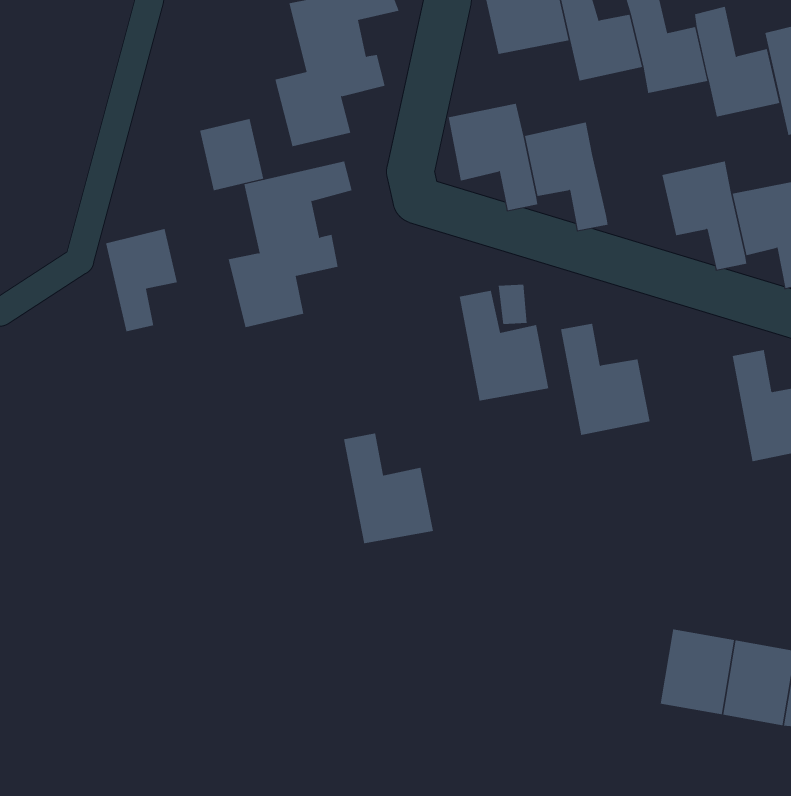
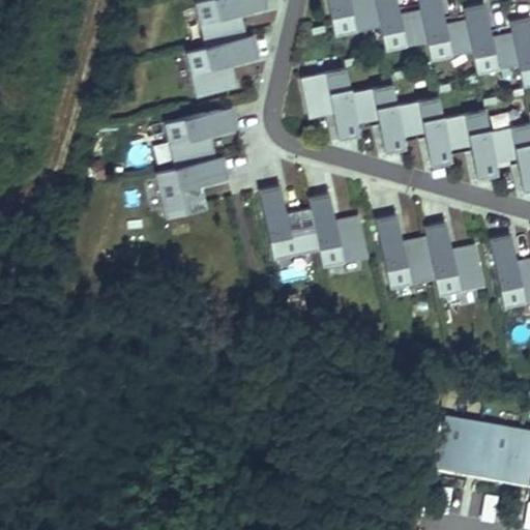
building: [200,118,264,191] -> none
building: none -> [398,93,454,166]
building: [106,228,177,332] -> none
building: none -> [426,223,487,296]
building: [343,433,434,544] -> [259,184,319,258]

